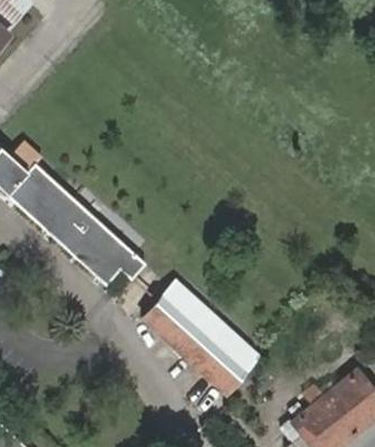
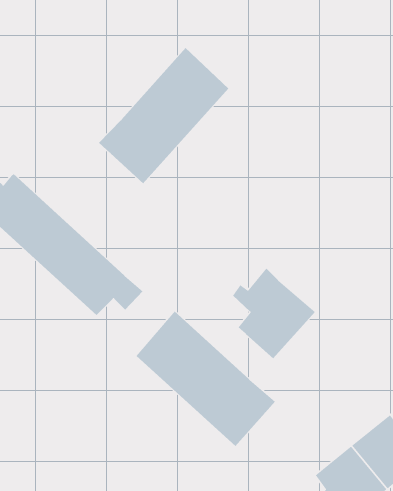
building: none -> [98,47,229,184]
building: none -> [232,268,316,359]

